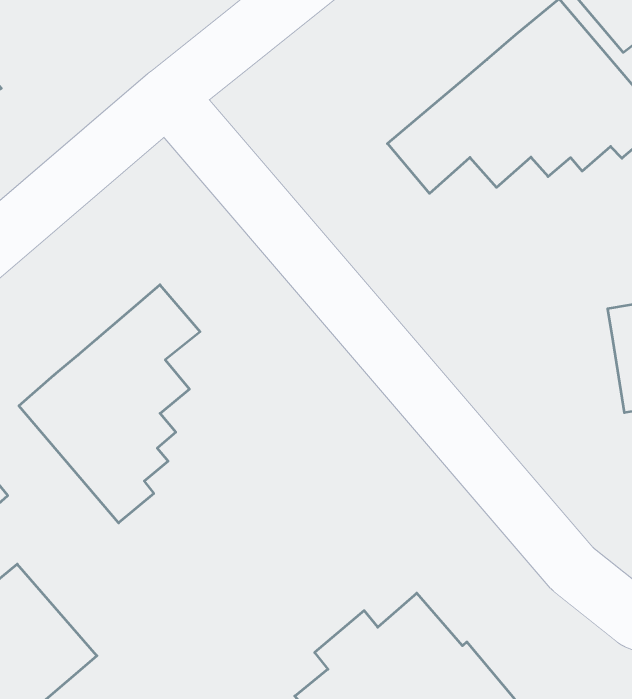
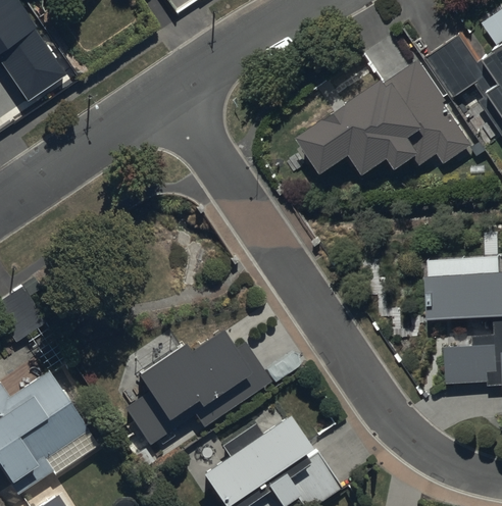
building: [19,285,200,523] -> none
building: none -> [119,332,271,444]

